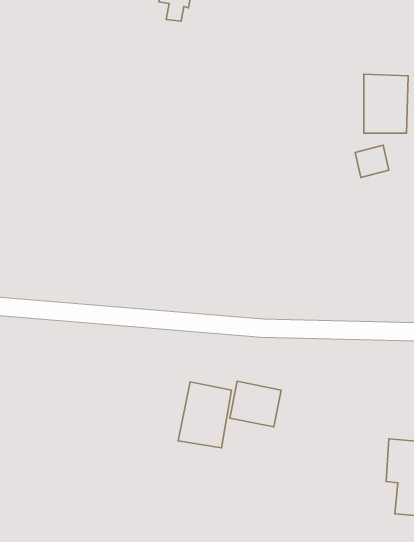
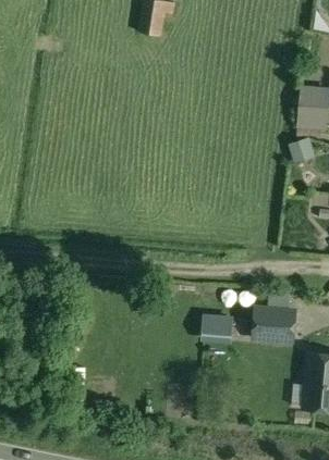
building: none -> [255,308,296,341]
building: [178,382,231,448] -> none

